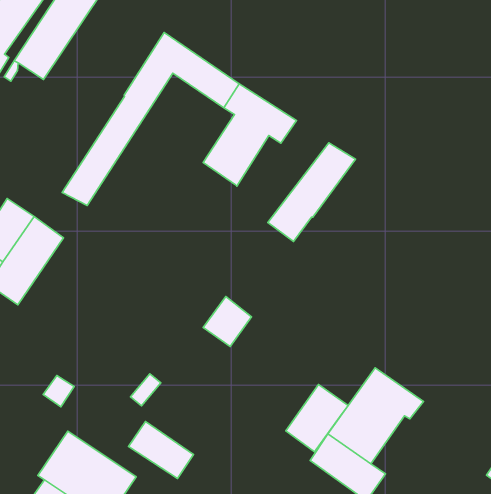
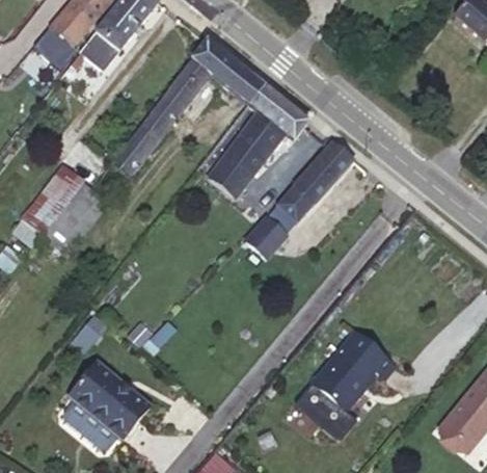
building: none -> [209,150,253,195]
building: [203,296,251,346] -> [246,215,287,257]
building: [286,384,348,452] -> none
building: [129,421,194,478] -> none

